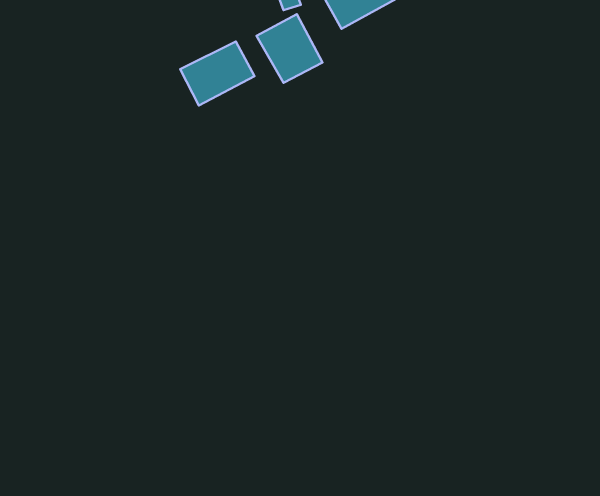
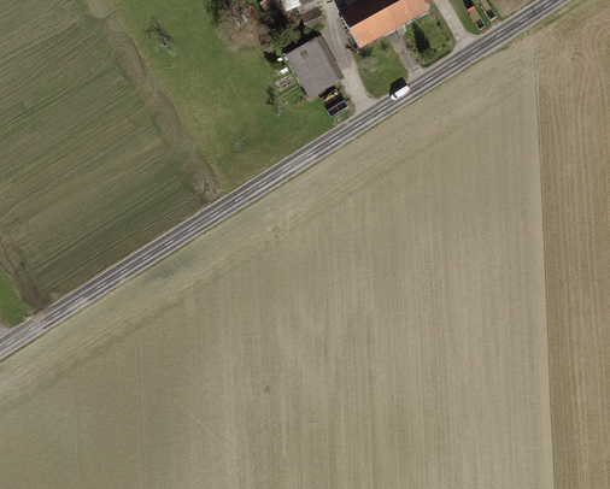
building: [180,42,255,105] -> none

